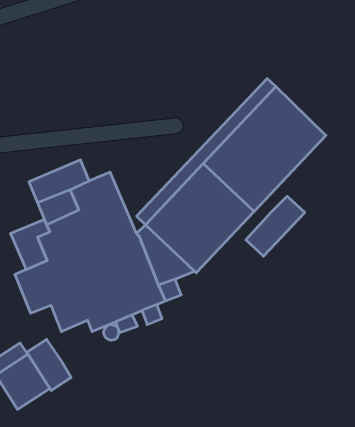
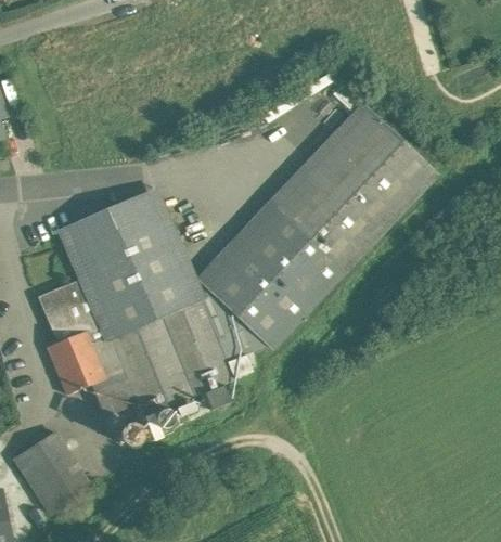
building: none -> [129,195,166,232]
building: [246,196,305,256] -> none
building: [27,339,71,391] -> none

